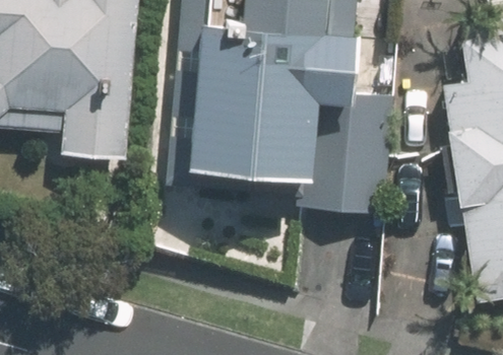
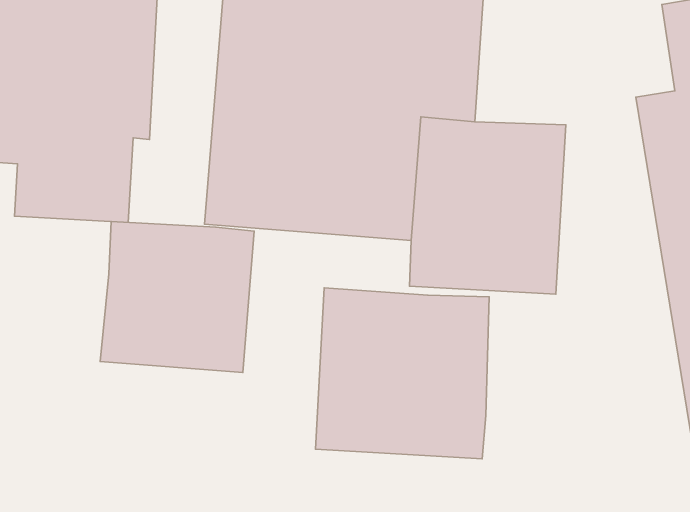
building: none -> [100,222,254,373]
building: none -> [315,288,489,459]

